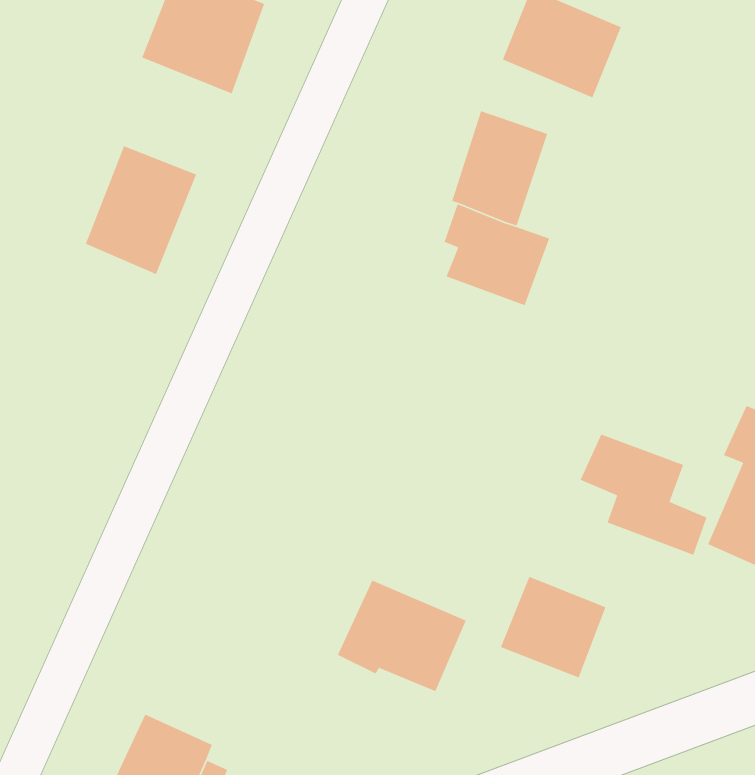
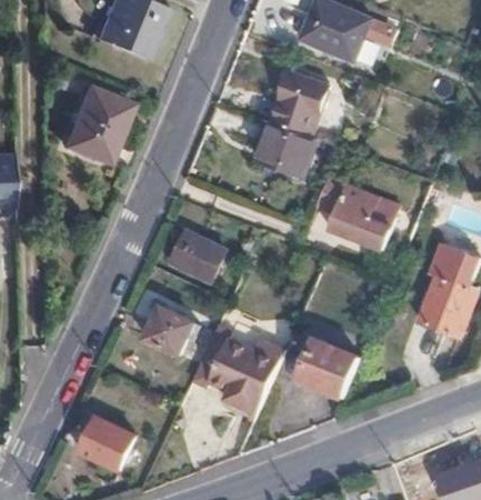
building: none -> [171,238,223,286]
building: [579,434,707,556] -> [313,181,387,251]
building: none -> [143,306,192,352]

